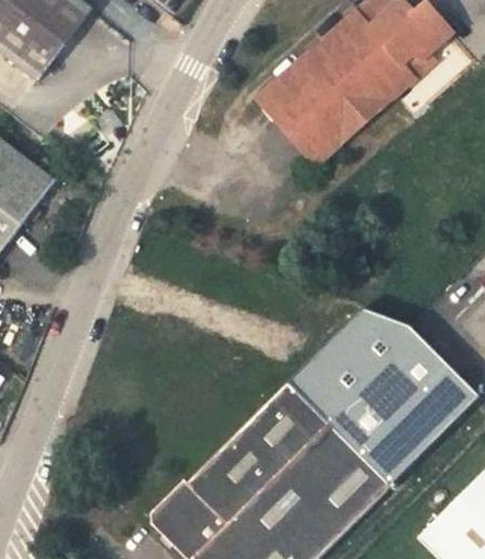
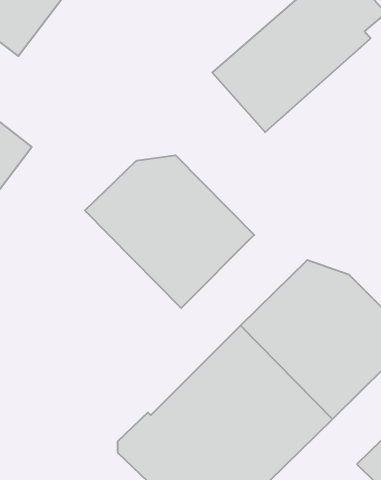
building: none -> [85,155,254,308]

